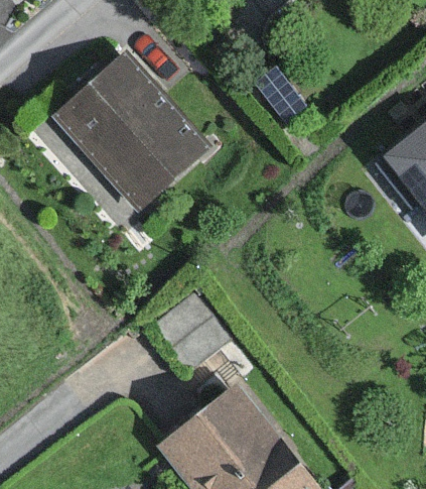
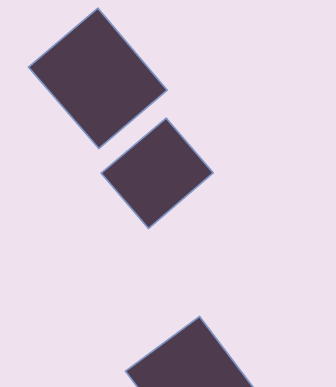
building: none -> [101,118,213,229]

